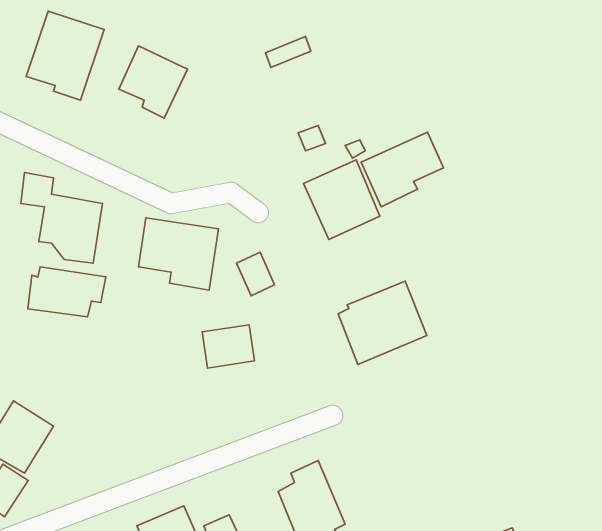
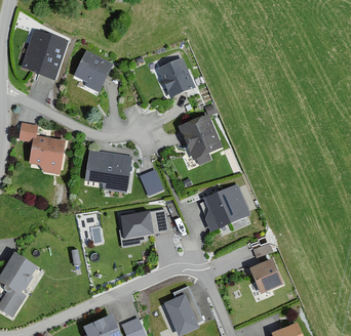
building: none -> [159,59,194,96]
building: [361,132,443,207] -> none
building: [28,267,106,317] -> none
building: none -> [249,259,282,293]

